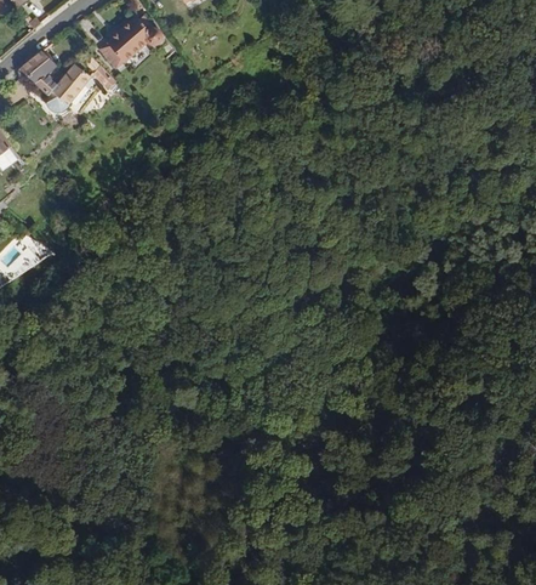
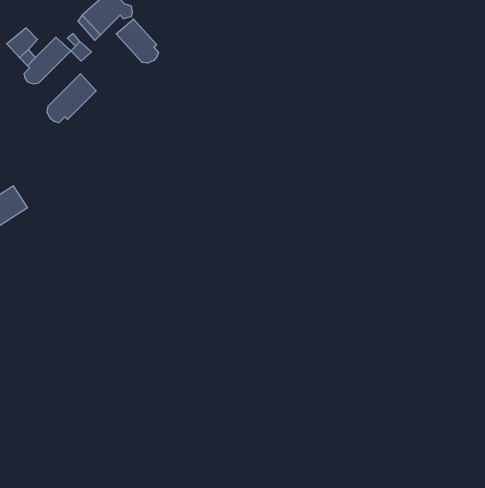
building: none -> [116,19,159,63]
building: none -> [47,74,96,123]

